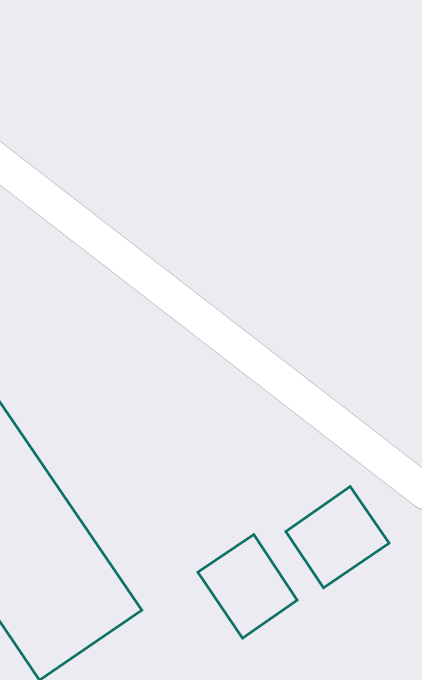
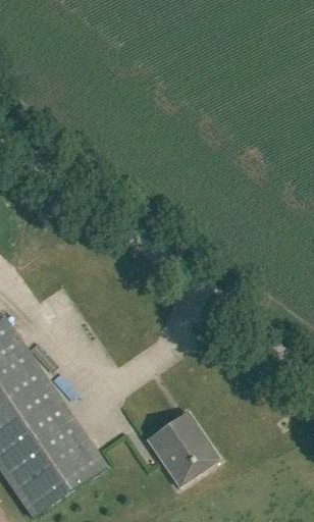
building: [286,486,389,588] -> none

